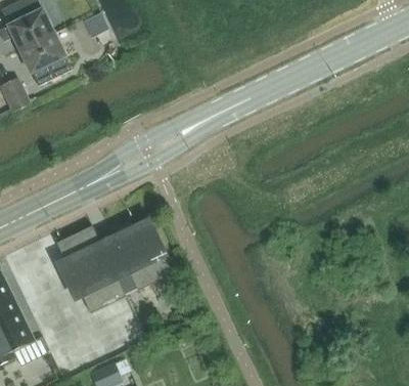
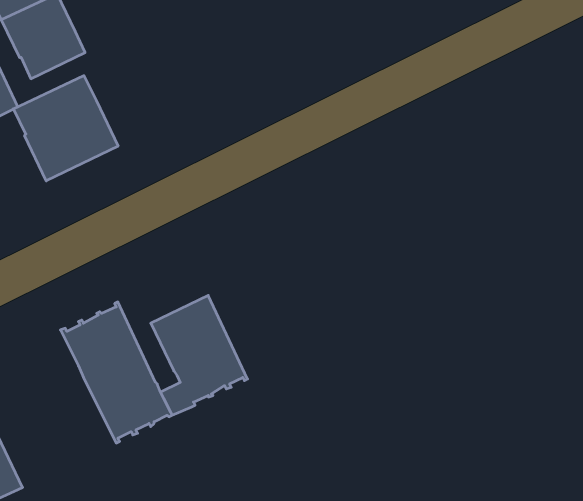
building: none -> [13,76,118,181]

